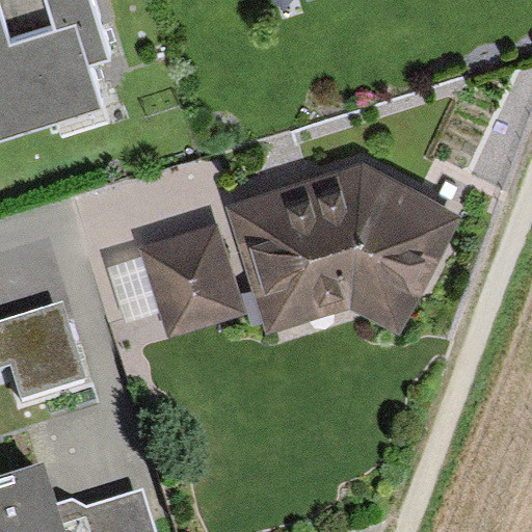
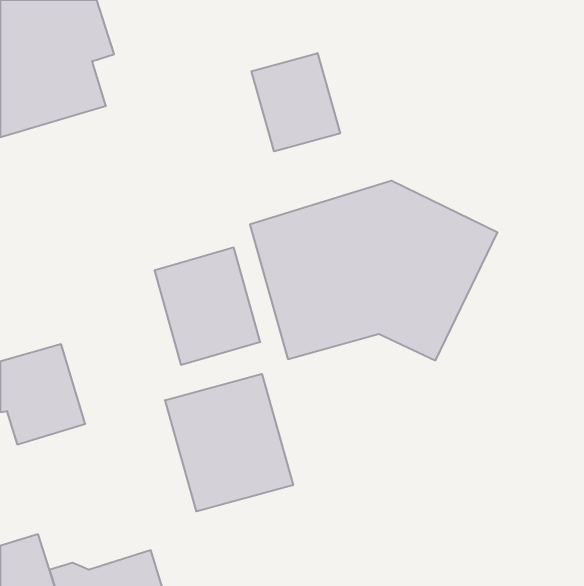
building: none -> [252,53,340,151]
building: none -> [165,374,293,511]

